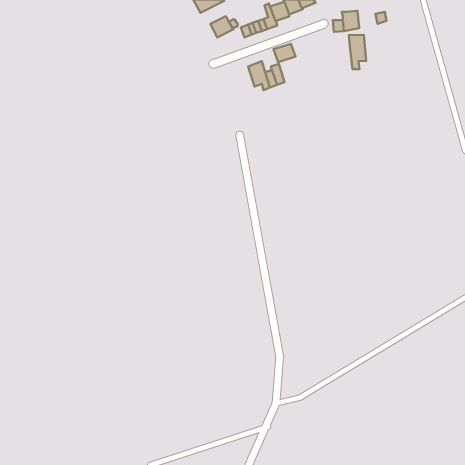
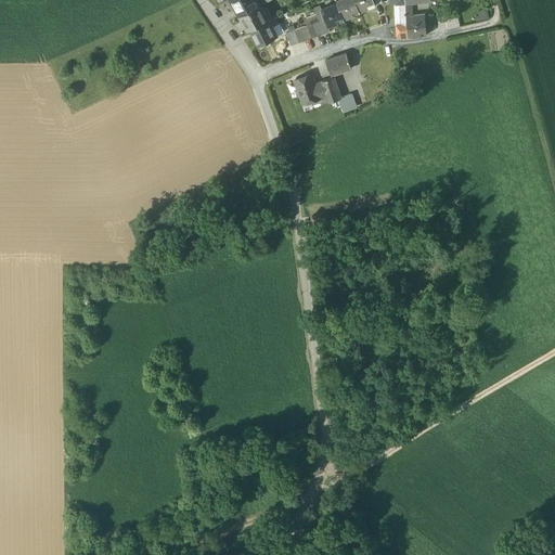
building: none -> [240,4,269,30]
building: [349,35,366,69] -> none

